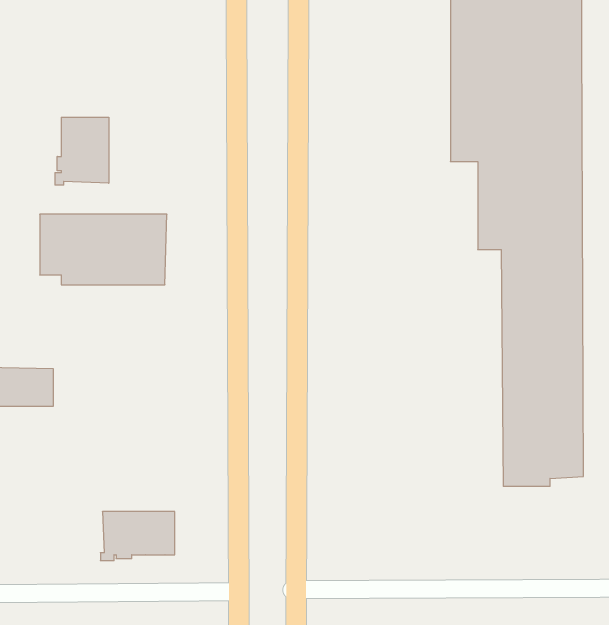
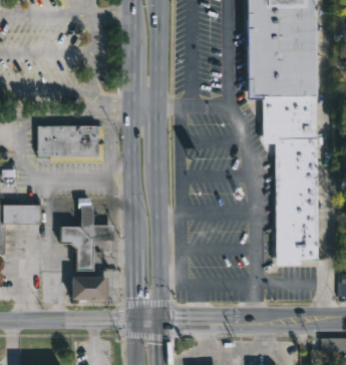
building: [55,117,109,185] -> none
building: none -> [59,206,112,271]

